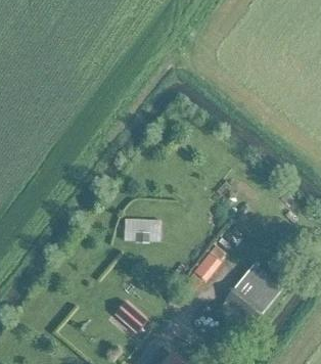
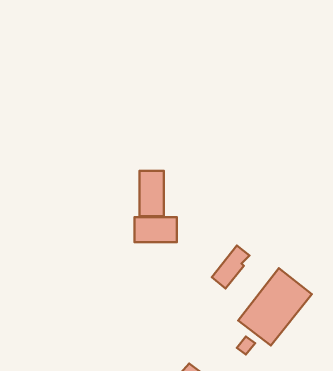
building: none -> [140,171,164,216]
building: [113,302,147,334] -> none

